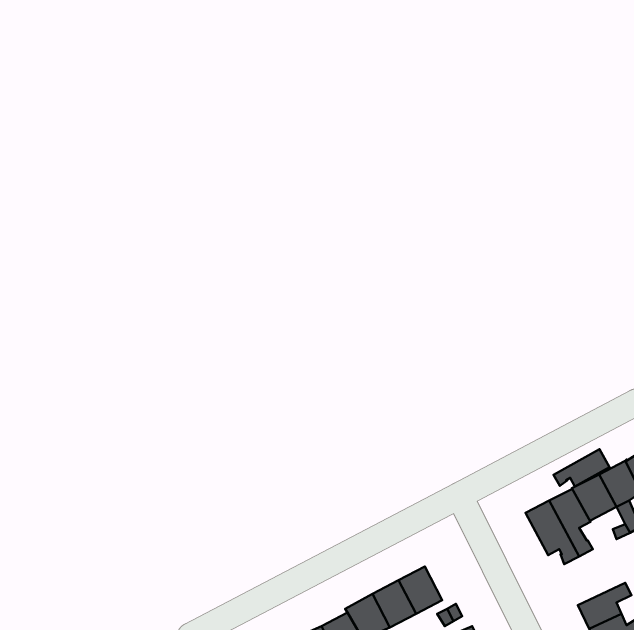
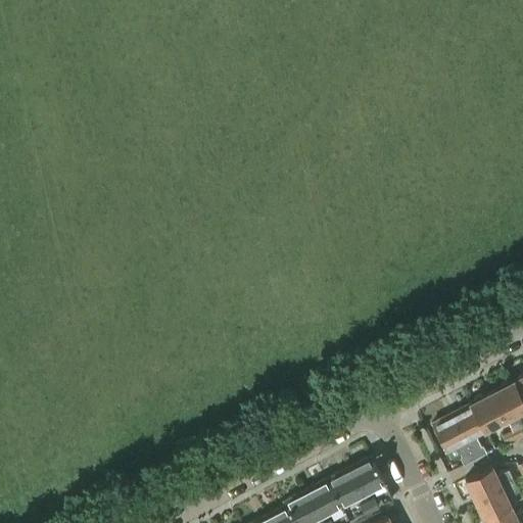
building: [553,449,610,486] -> none
building: none -> [350,459,387,497]
building: none -> [467,469,515,502]

